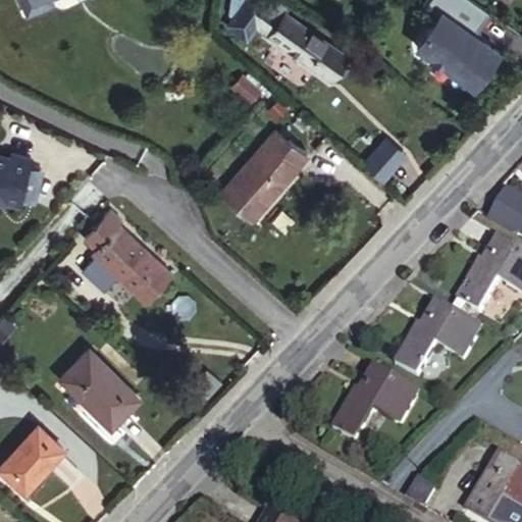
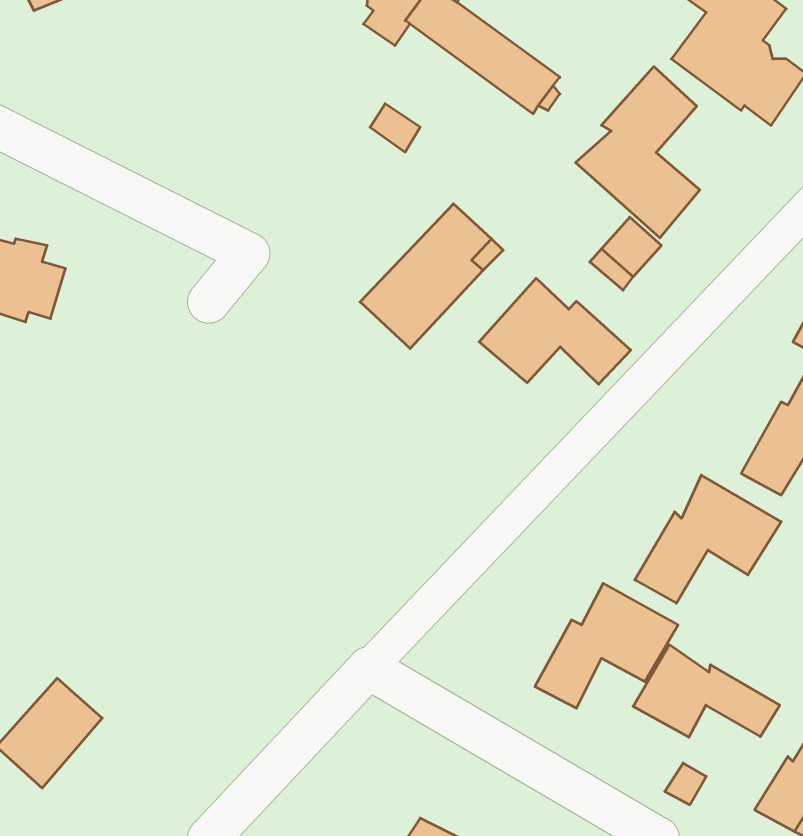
building: none -> [576,67,700,238]
building: none -> [479,278,631,384]
building: [85,215,174,309] -> none
building: [60,346,140,422] -> none
building: none -> [633,645,780,737]

